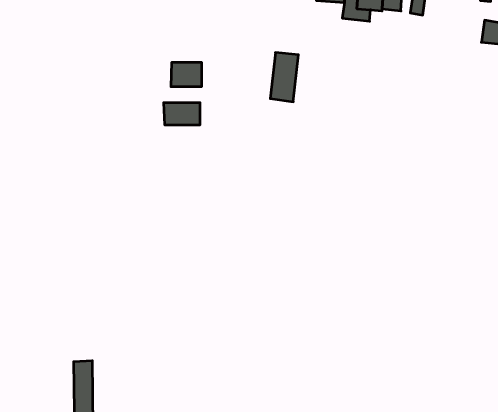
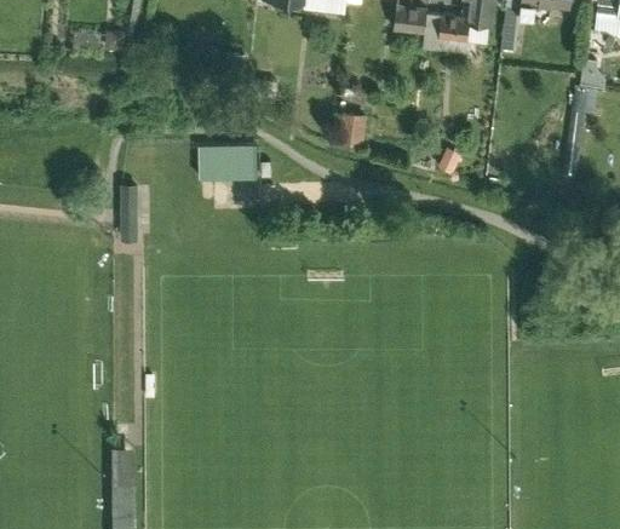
building: [171,62,201,87] -> none
building: none -> [120,188,140,241]

